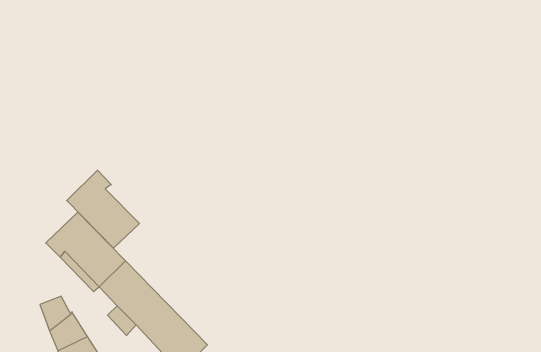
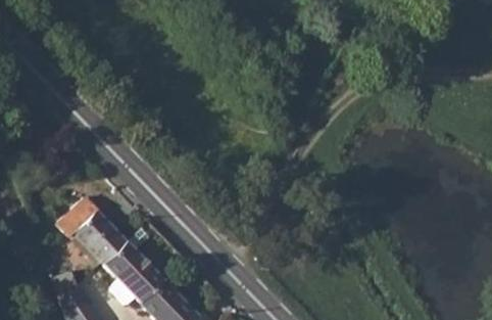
building: [67,170,139,248] -> none

